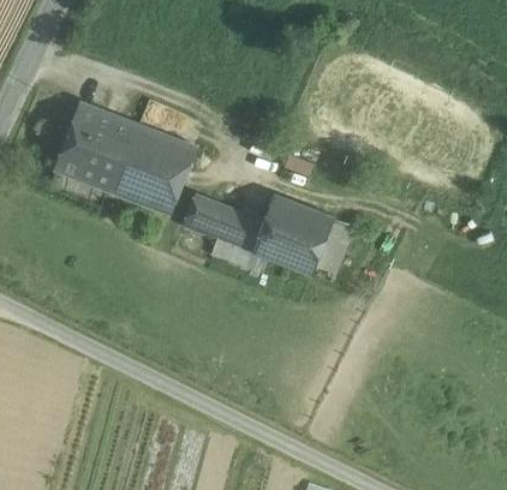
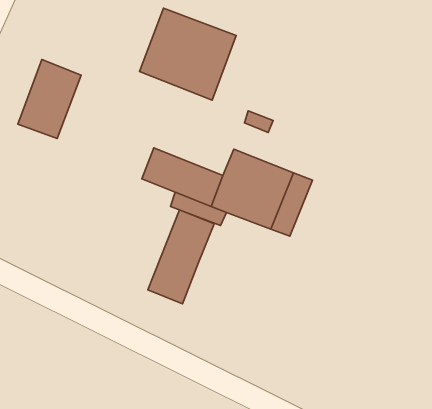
building: [95,119,192,211] -> [140,8,236,100]
building: none -> [148,210,214,304]

